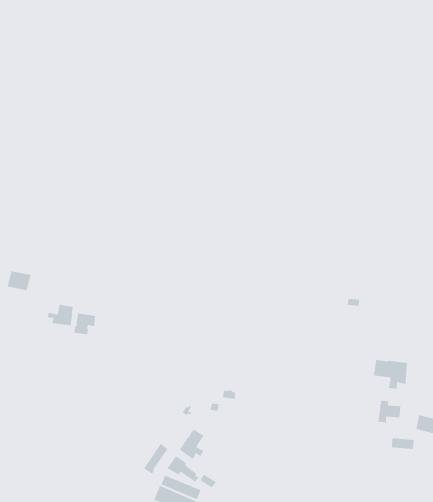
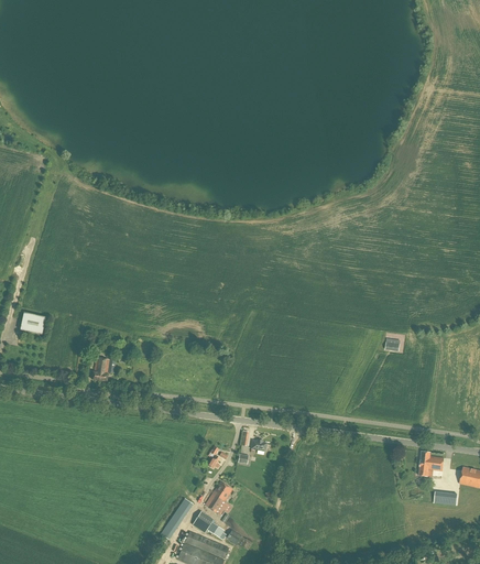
building: [47,304,74,326] -> none
building: [373,359,408,389] -> none

